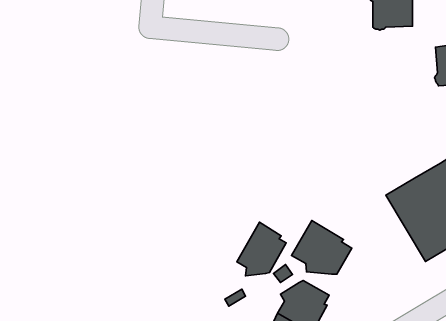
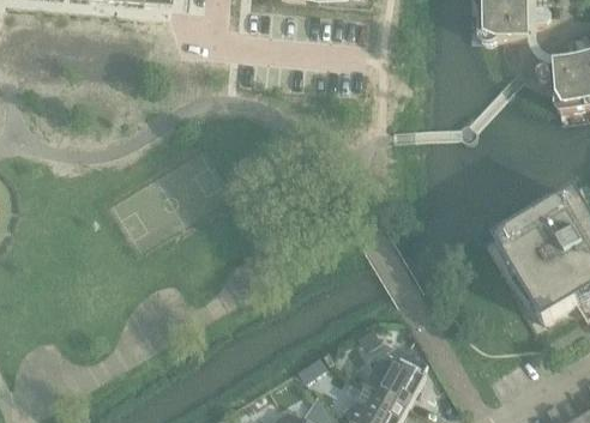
building: [292,220,352,274] -> none
building: [237,222,286,276] -> none

